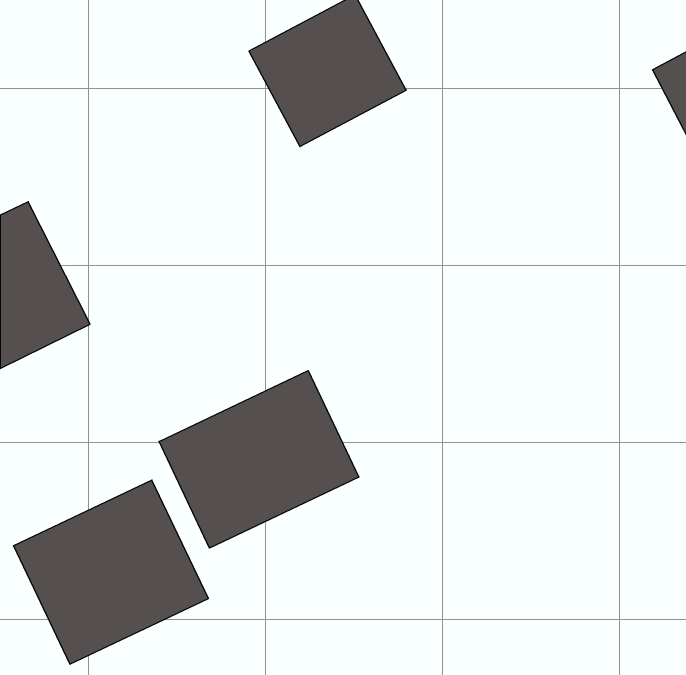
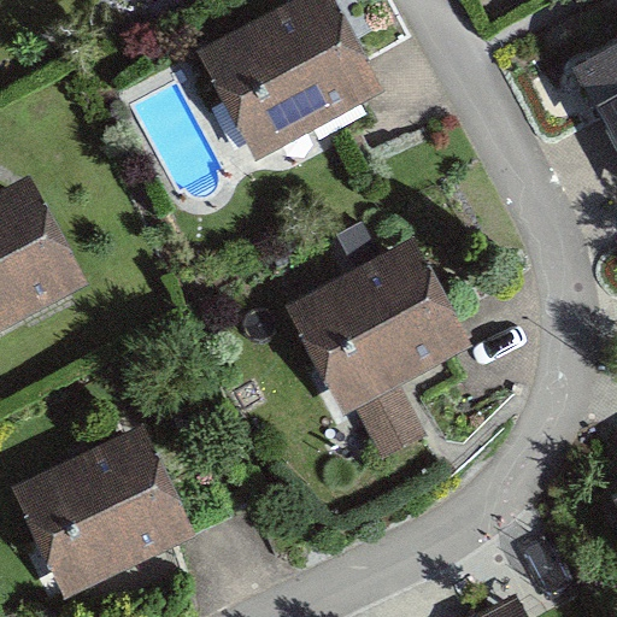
building: none -> [280,241,462,449]
building: [159,371,359,548] -> none

